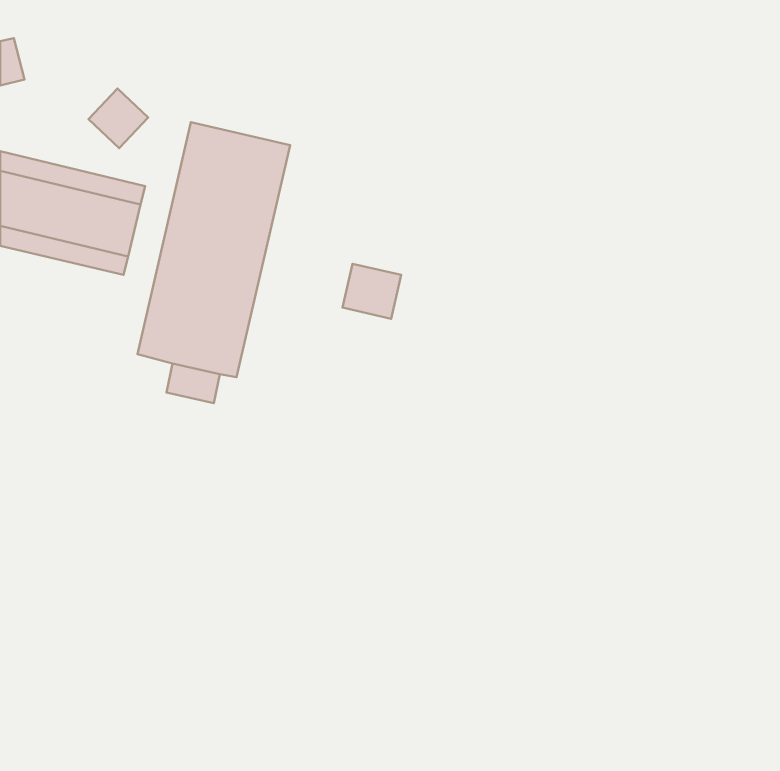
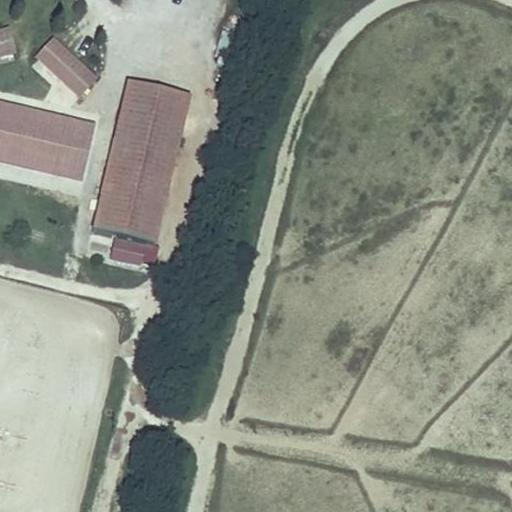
building: none -> [35,36,77,78]
building: [342,264,401,319] -> none

